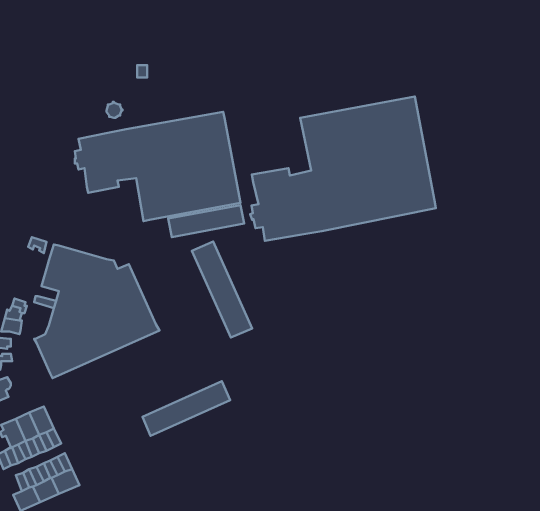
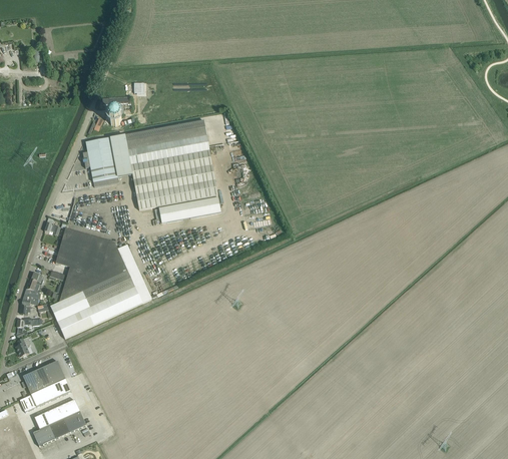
building: [250,96,436,241] -> none
building: [192,242,252,338] -> none
building: [142,381,230,436] -> none

